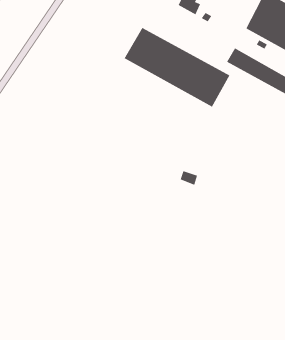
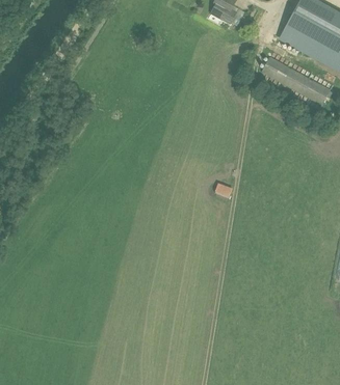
building: [124,27,230,107] -> none

